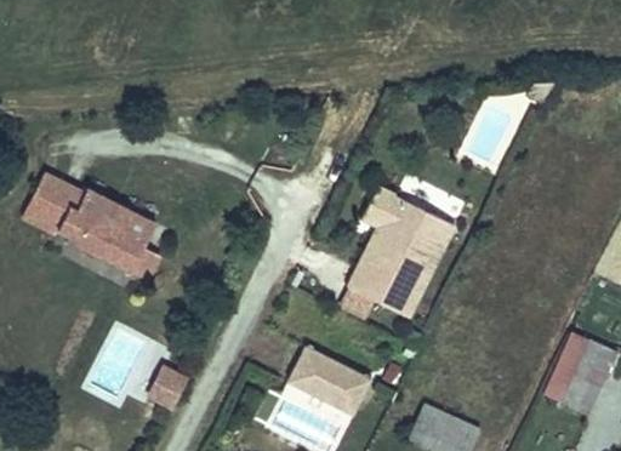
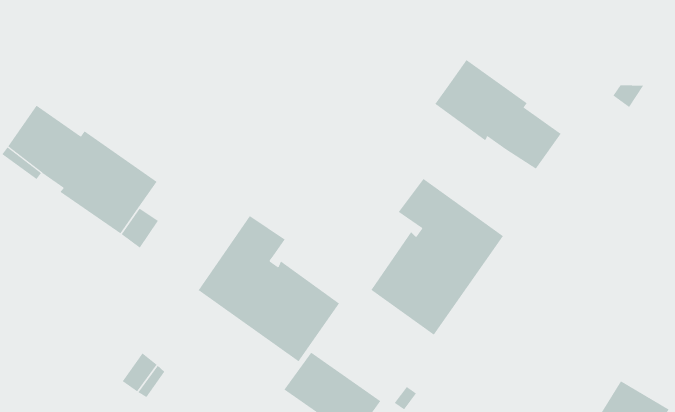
building: none -> [435,59,561,170]
building: none -> [198,215,340,362]

